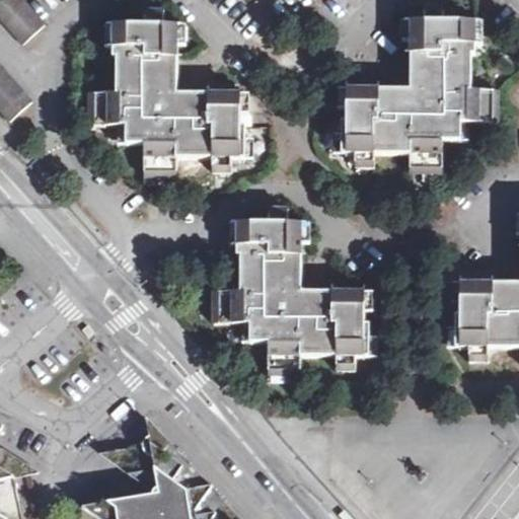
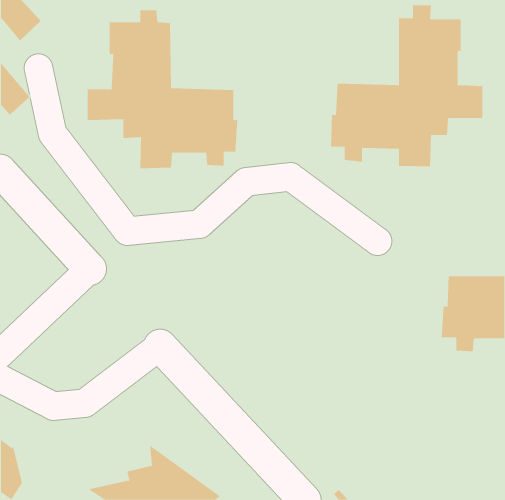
building: [213,208,368,372] -> none

